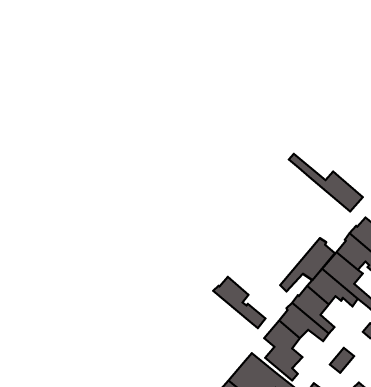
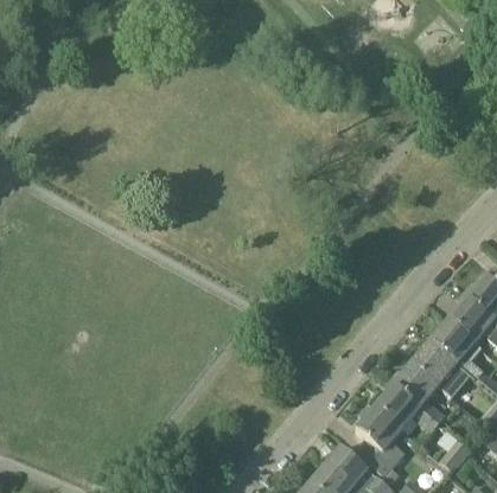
building: [289,154,363,212] -> none
building: [280,238,335,292] -> none
building: [213,277,265,328] -> none

